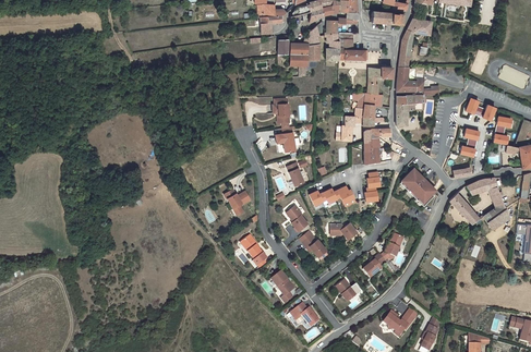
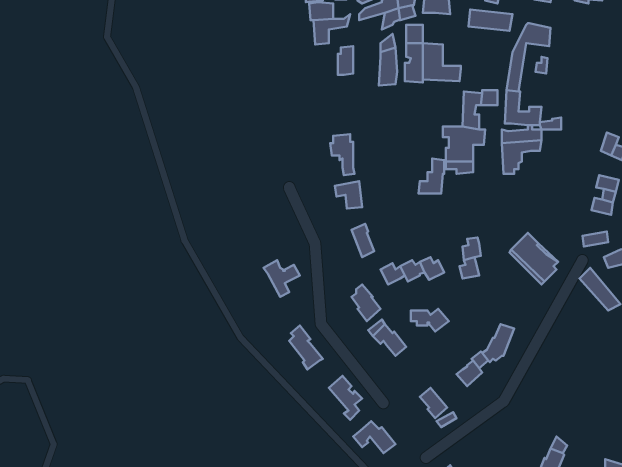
building: [291,43,309,77] -> none
building: [364,129,391,163] -> none
building: [384,306,419,332] -> none

